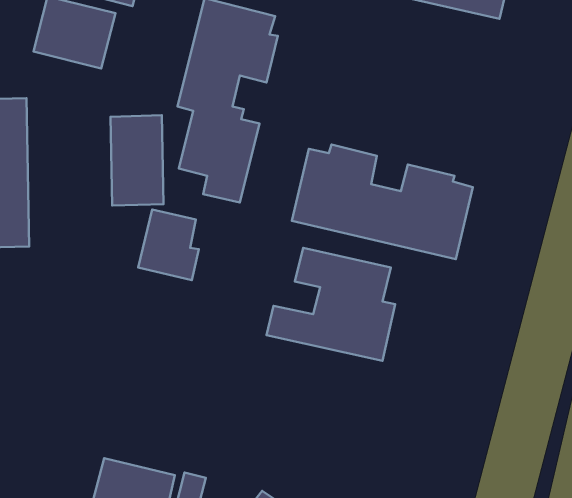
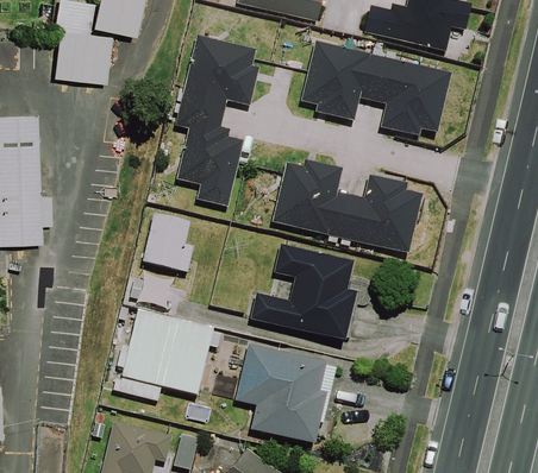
building: none -> [300,40,451,135]
building: [111,115,163,206] -> none
building: none -> [111,309,219,401]
building: none -> [234,342,336,443]

